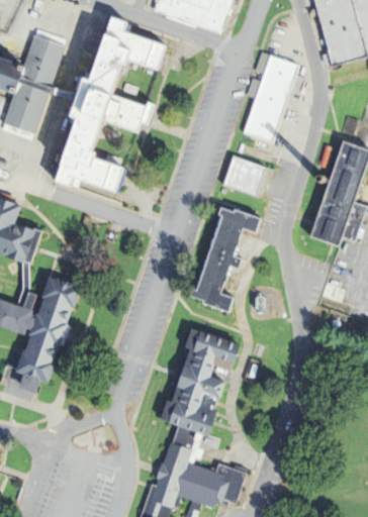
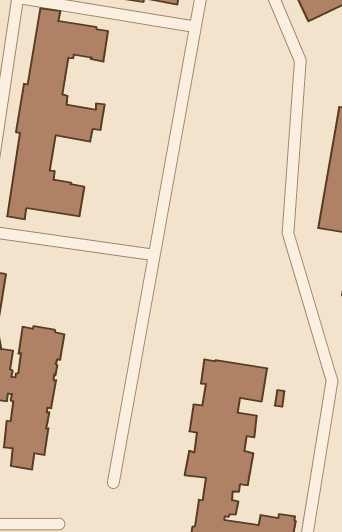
building: [243,50,300,141] -> none
building: [222,154,266,195] -> none
building: [186,207,261,312] -> none

